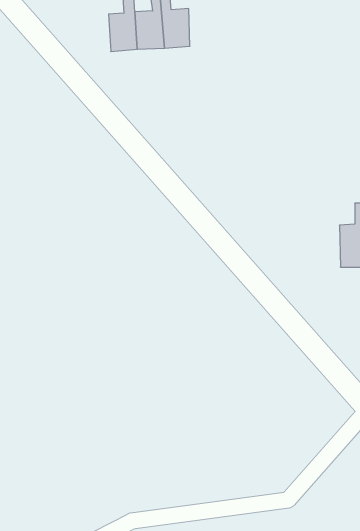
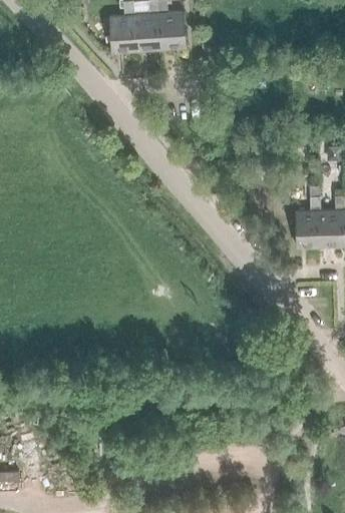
building: none -> [293,197,320,249]

